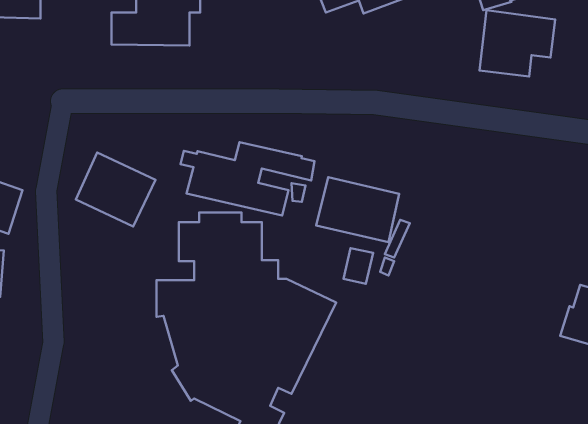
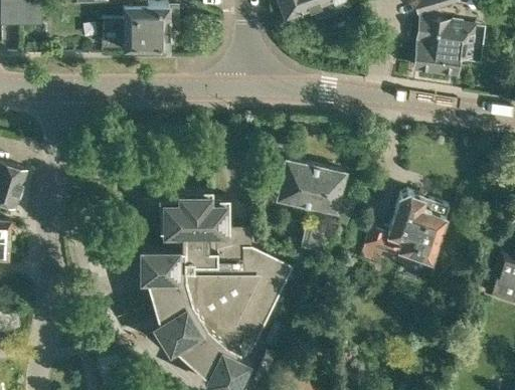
building: [180,142,314,216] -> none
building: [76,152,155,226] -> none
building: none -> [359,192,449,265]

